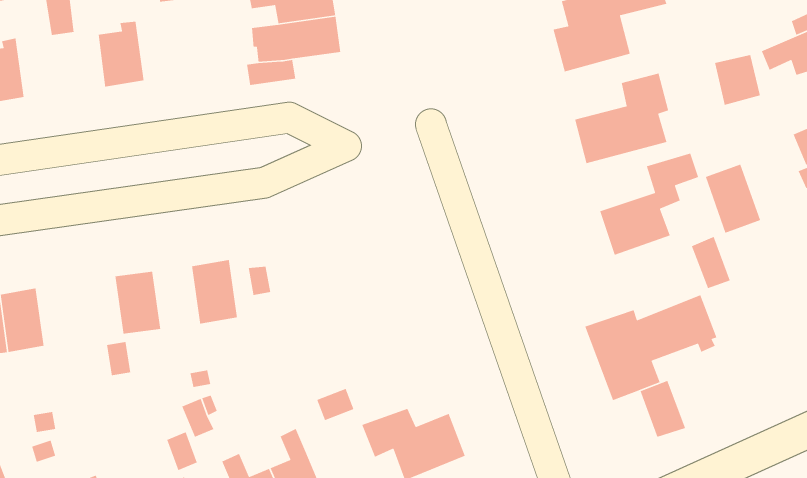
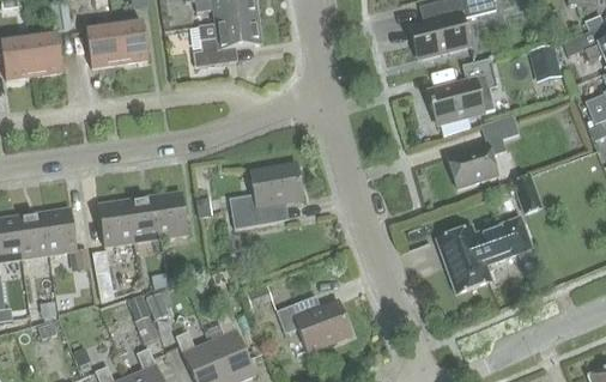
building: none -> [114,19,149,63]
building: none -> [28,31,62,75]
building: [705,163,761,234] -> none
building: none -> [229,164,303,229]
building: none -> [126,196,159,242]
building: none -> [42,208,87,271]
building: [639,380,686,438] -> none

